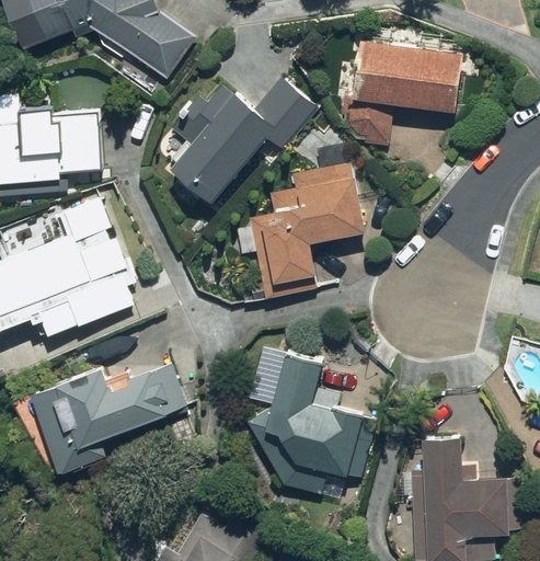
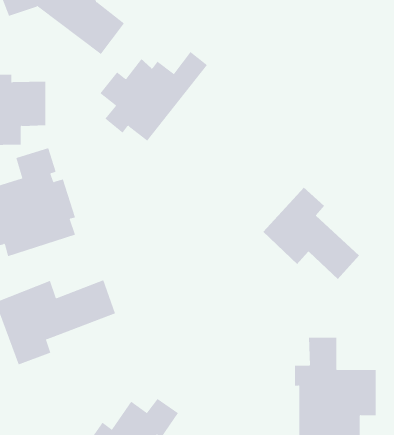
building: [343,39,464,149] -> none
building: [233,164,367,299] -> none
building: none -> [263,187,360,280]
building: [243,348,369,496] -> none

